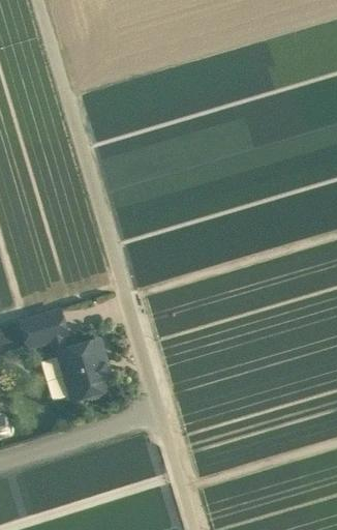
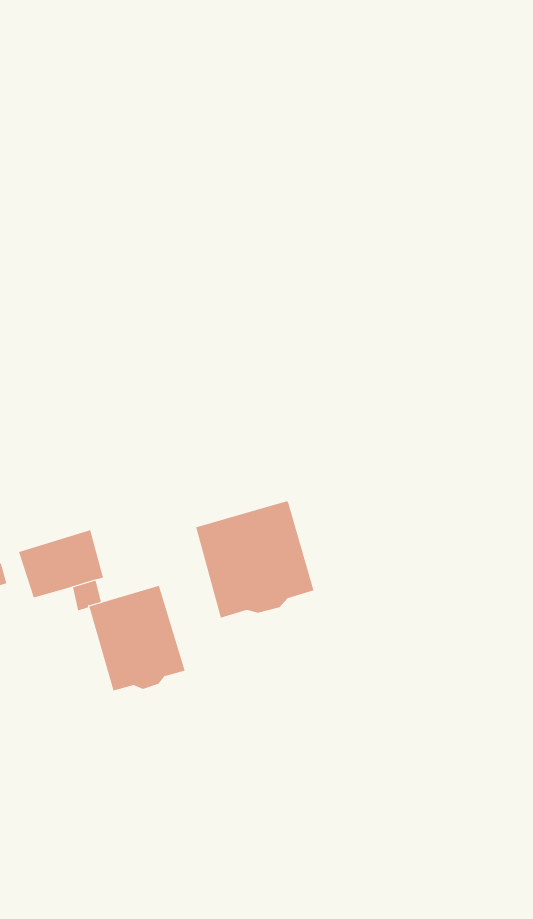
building: none -> [196,500,314,618]

